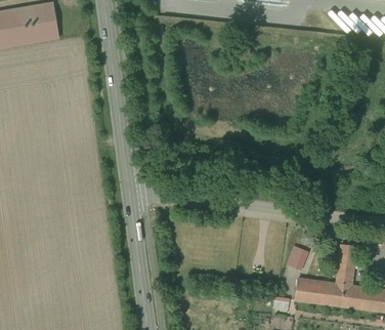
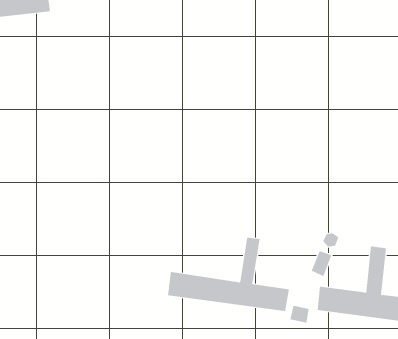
building: none -> [167,237,289,312]

